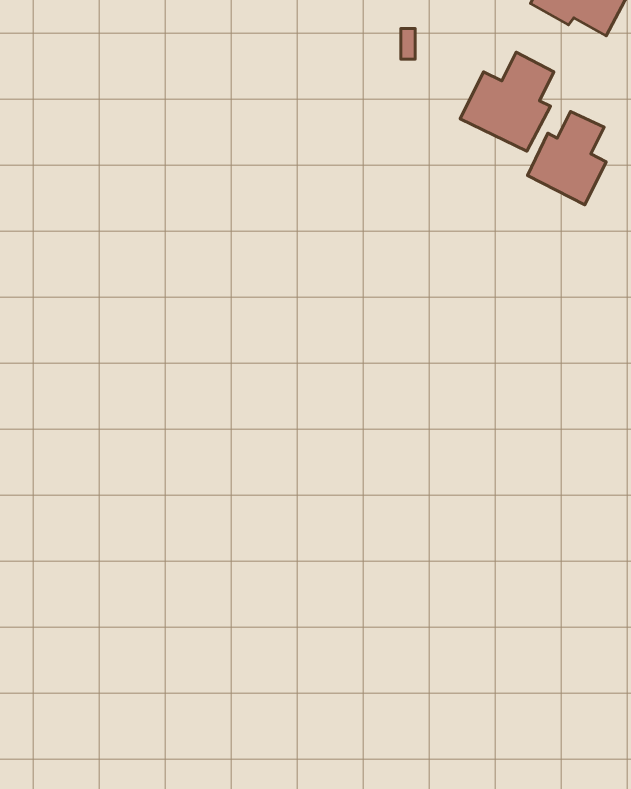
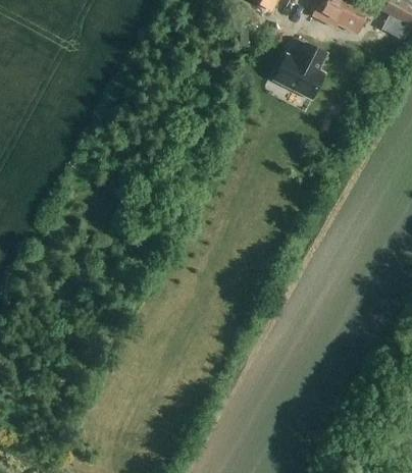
building: [528,111,606,205] -> none

